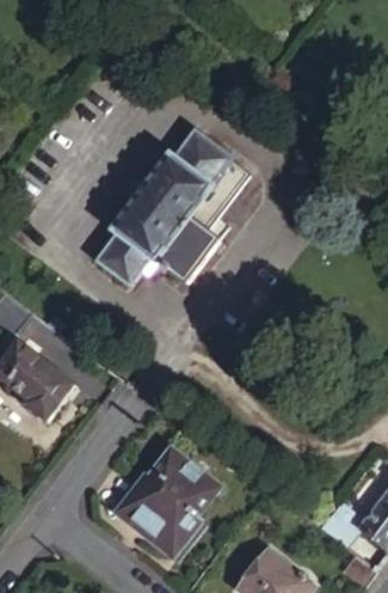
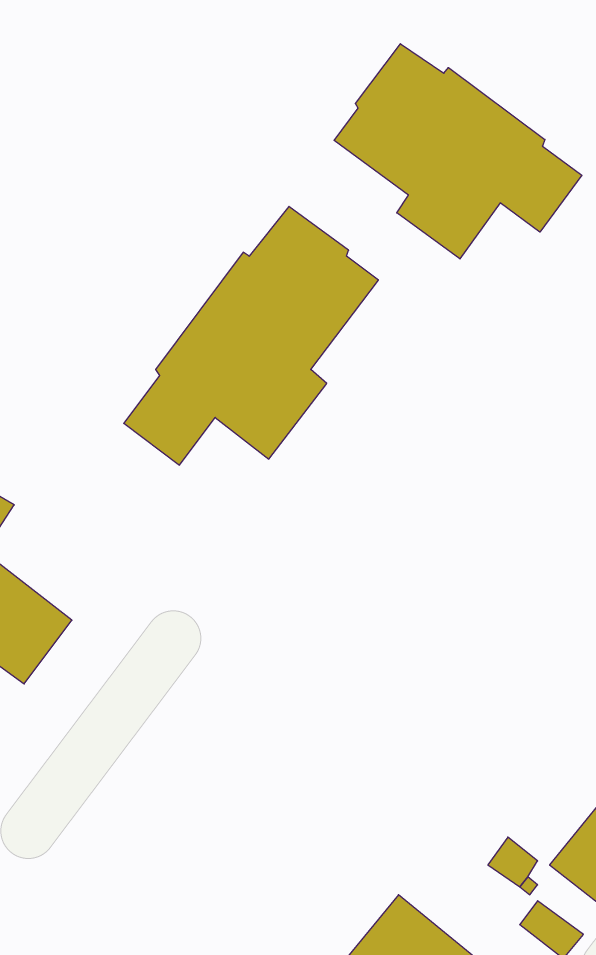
building: none -> [334,44,582,259]
building: [122,452,215,550] -> none

